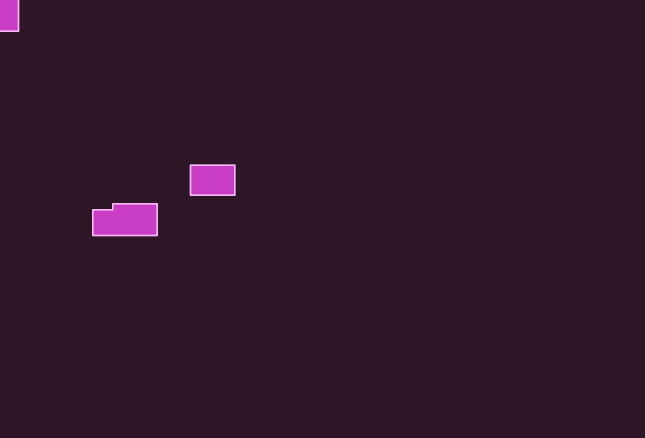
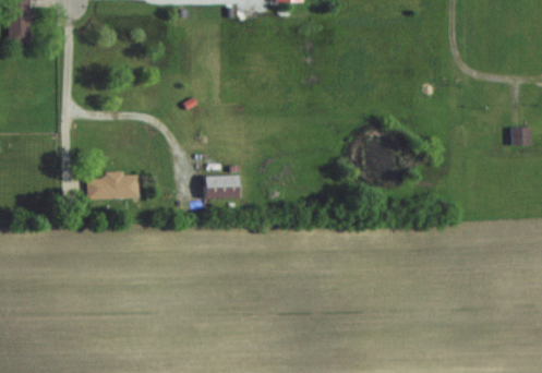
building: [191,165,235,195] -> [205,177,239,200]

